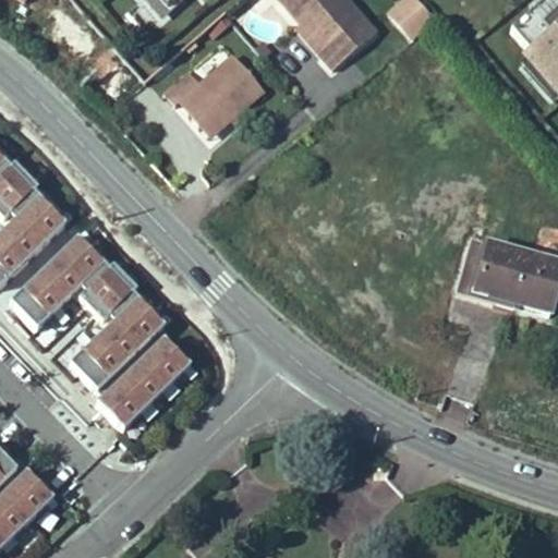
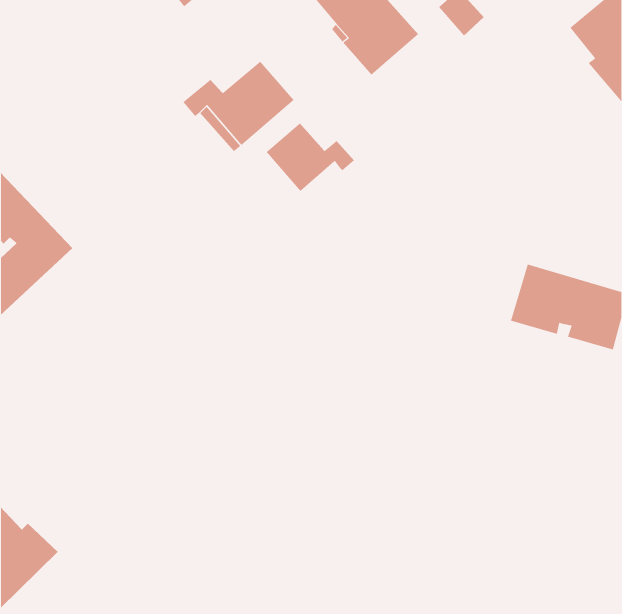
building: none -> [266,123,355,192]
building: [9,233,190,428] -> none

